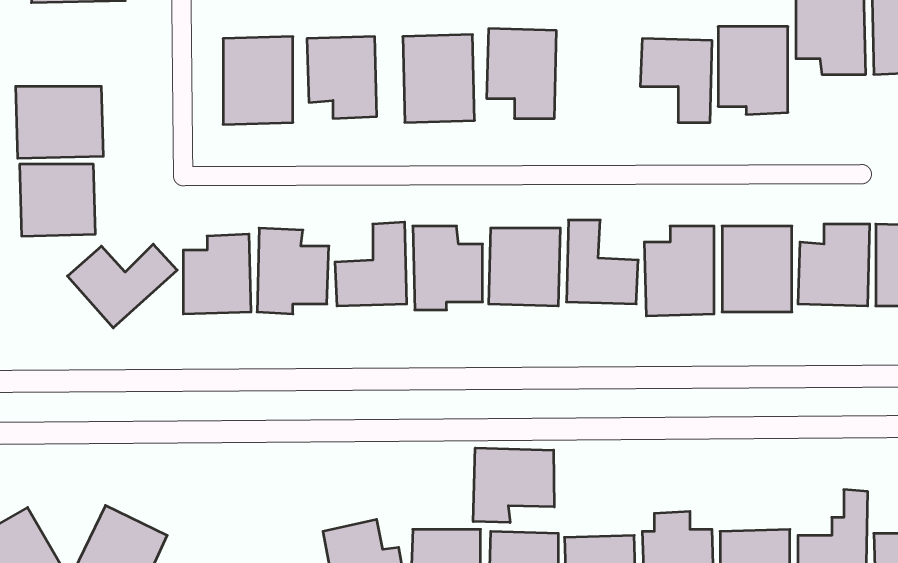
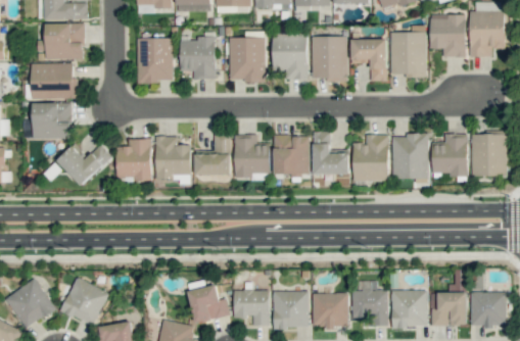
building: none -> [37,23,84,60]
building: none -> [312,36,347,82]
building: [473,448,554,523] -> none

